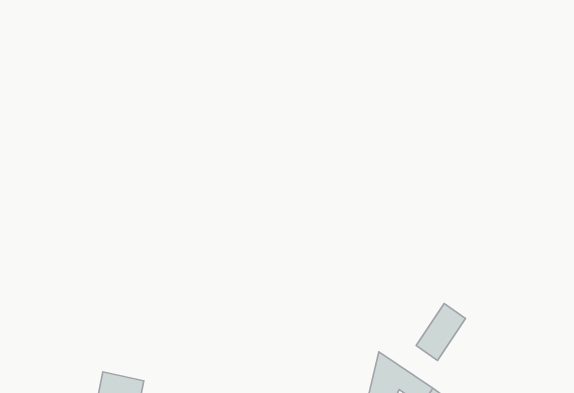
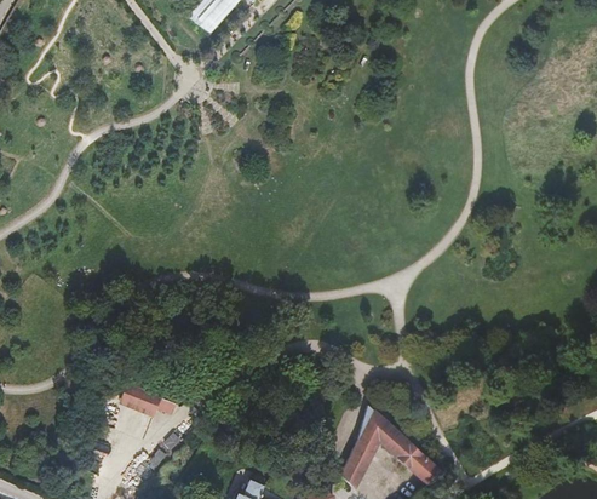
building: [416,304,466,361] -> none

